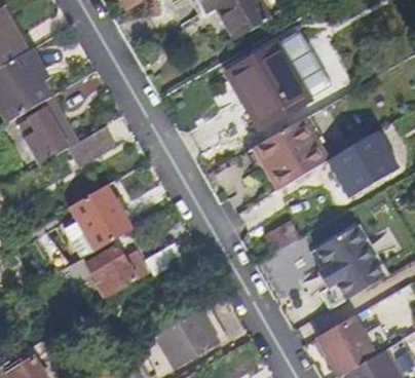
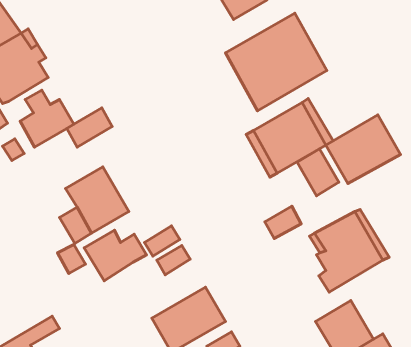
building: none -> [297,149,339,196]

